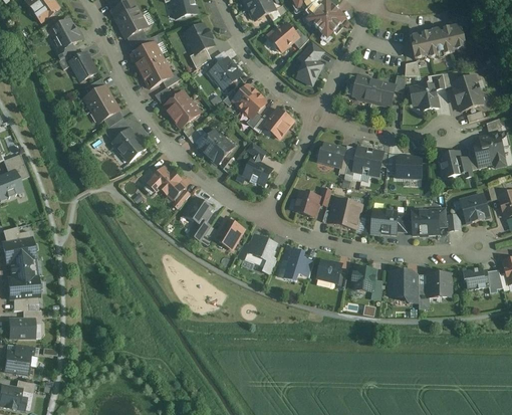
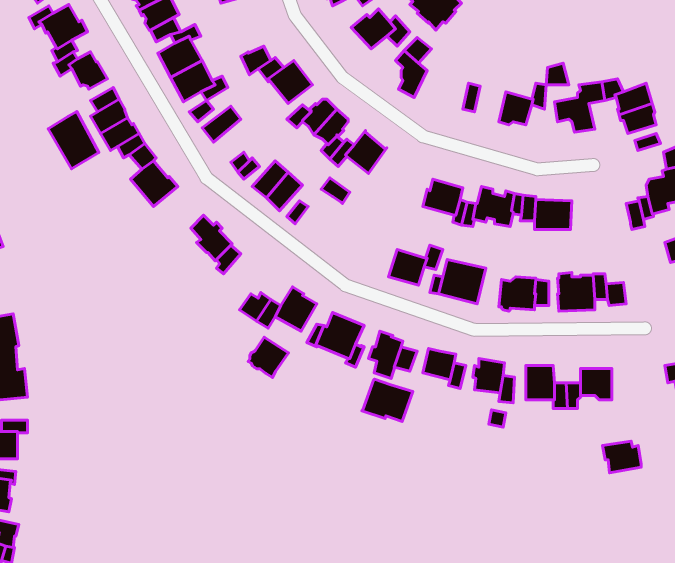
building: [185,24,213,53] -> none
building: [413,25,465,58] -> none
building: [353,76,375,101] -> none
building: none -> [48,112,99,169]
building: [171,99,200,127] -> none
building: [439,153,463,175] -> none
building: [243,158,271,185] -> none
building: [460,193,488,223] -> none
building: [185,197,213,225] -> [248,337,288,377]
building: [462,268,489,290] -> [602,441,641,473]
building: none -> [362,379,413,422]

